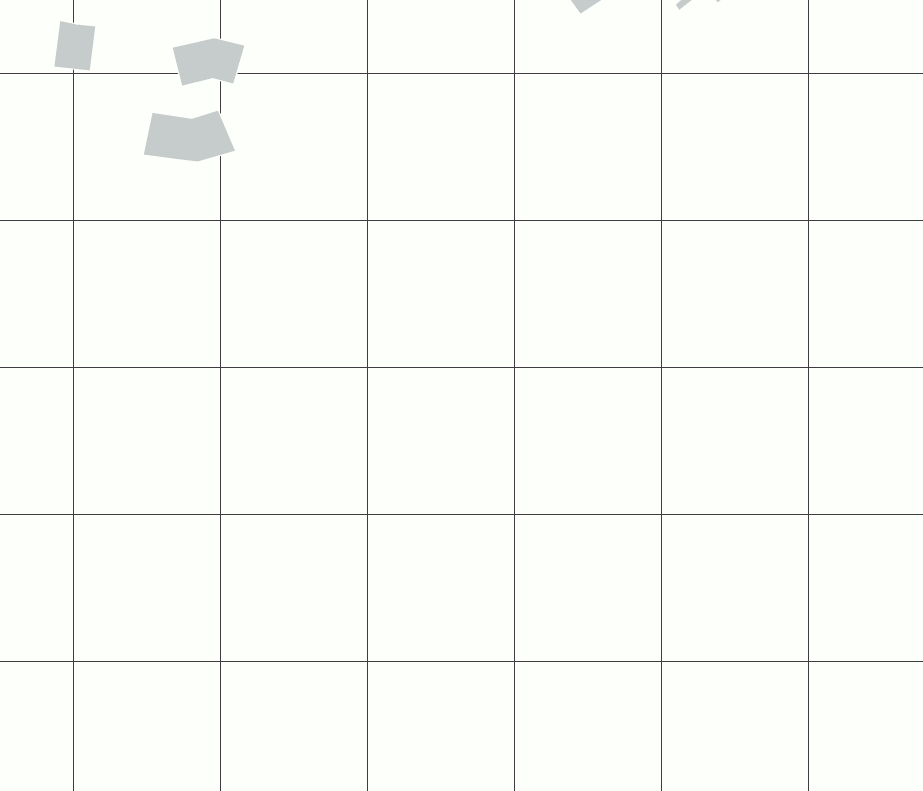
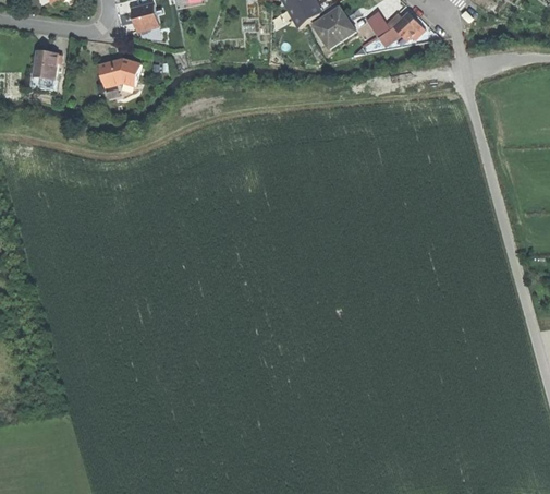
building: [143,110,236,162] -> none

